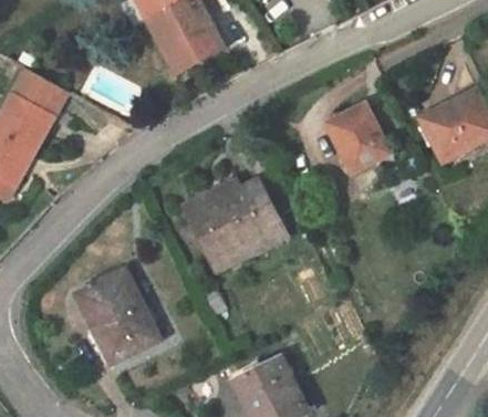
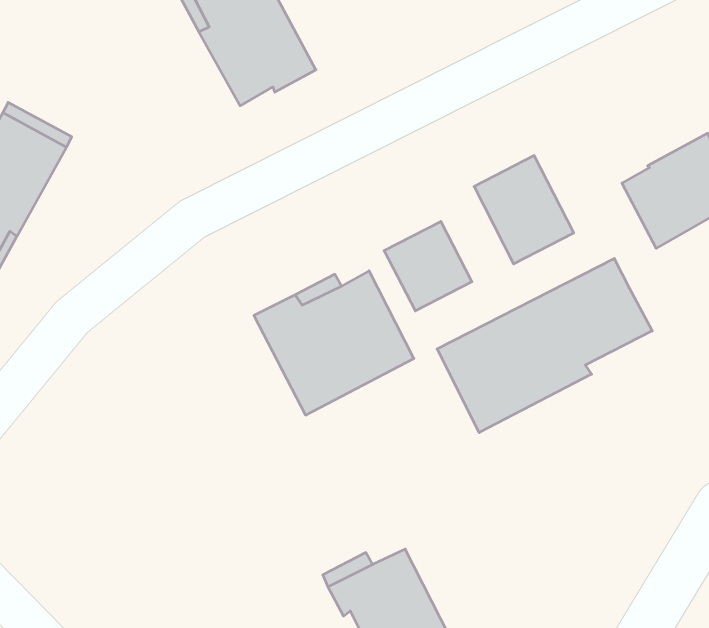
building: none -> [384,221,472,311]
building: none -> [437,258,652,433]
building: [76,271,158,364] -> none

